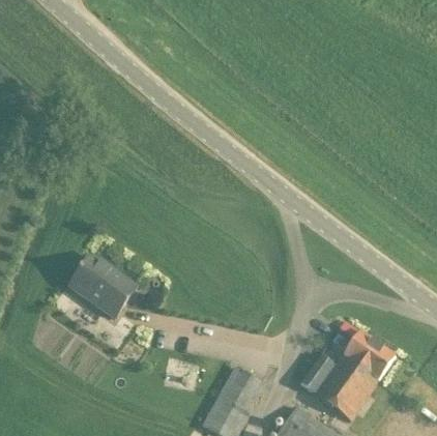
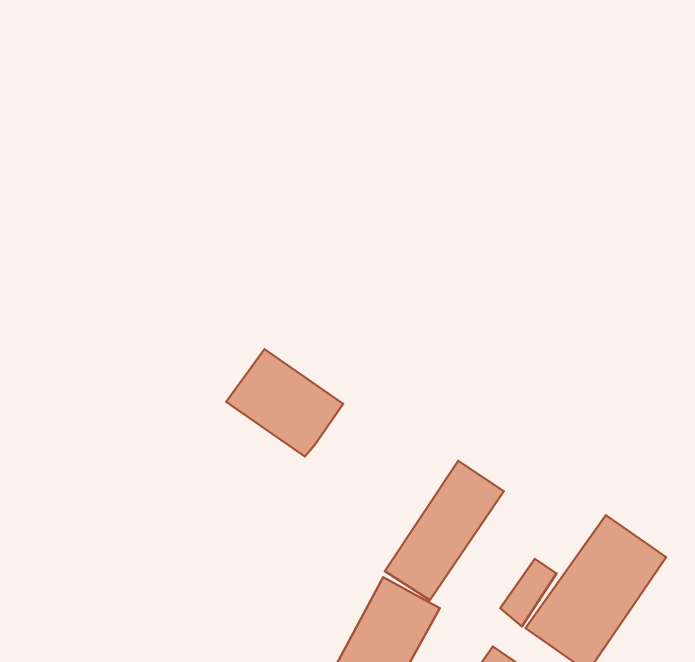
building: [69,255,136,316] -> [226,349,343,457]
building: none -> [385,461,504,600]

